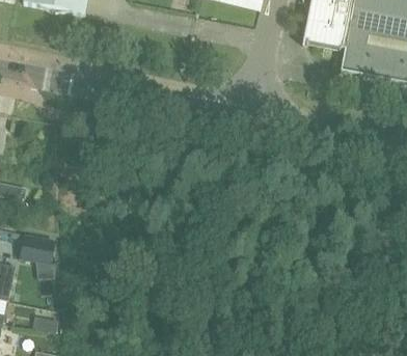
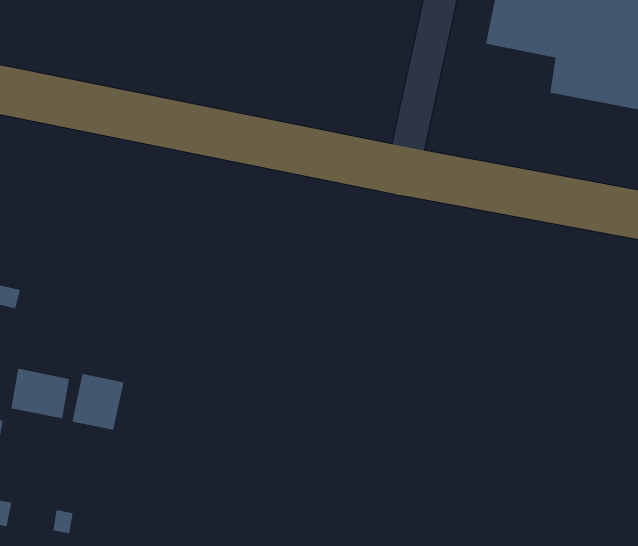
building: none -> [72,373,124,431]

